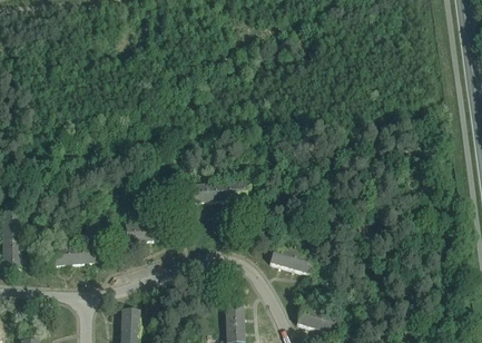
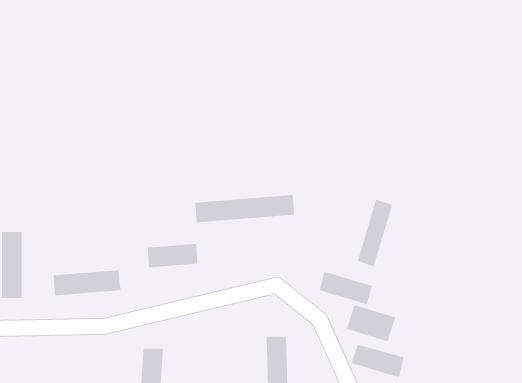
building: none -> [357,198,393,268]
building: none -> [346,304,396,342]

